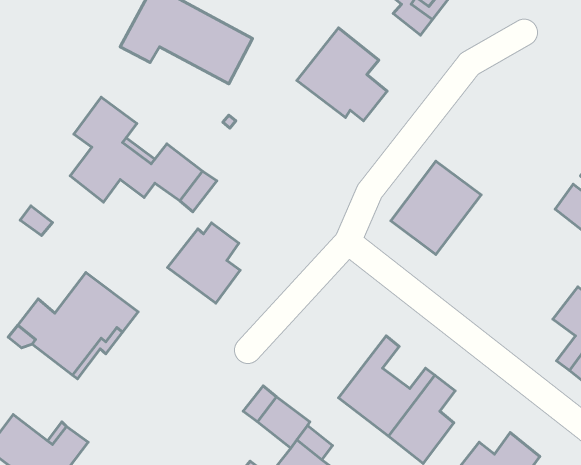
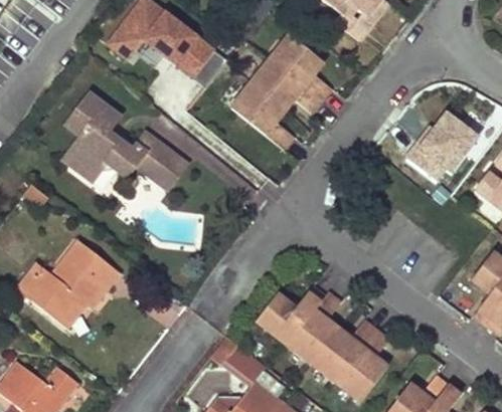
building: none -> [231,78,296,149]
building: [391,161,481,254] -> [402,110,479,188]
building: [168,223,240,303] -> none
building: none -> [257,286,330,346]

